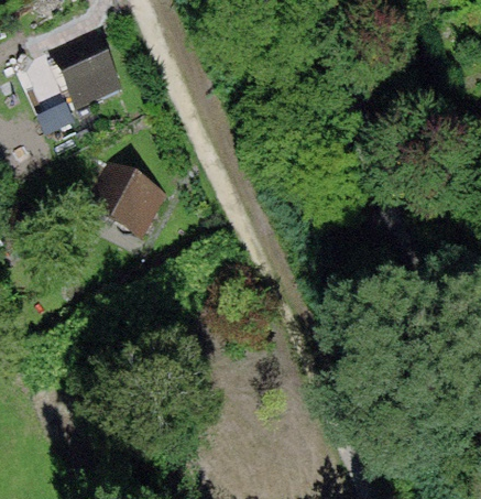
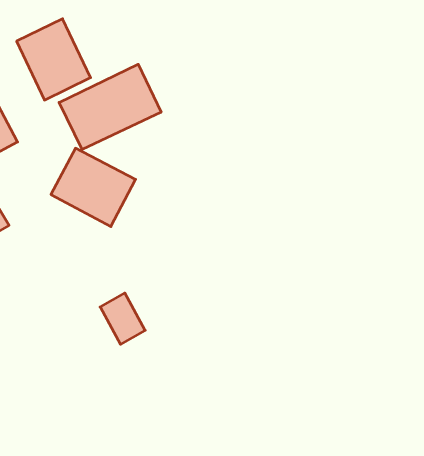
building: none -> [59,64,161,149]

